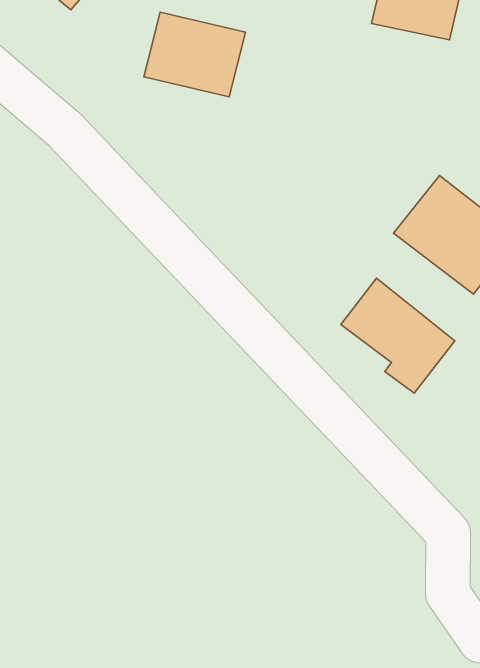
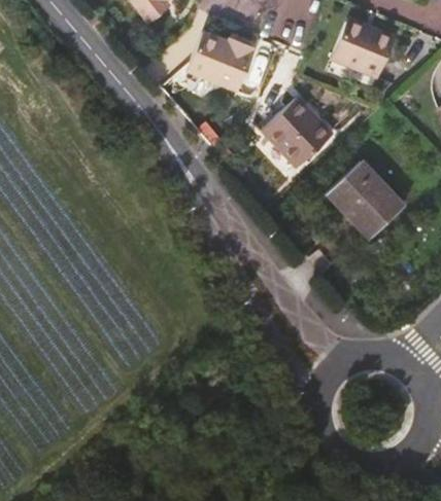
building: none -> [264,98,333,168]
building: [341,278,455,393] -> none

